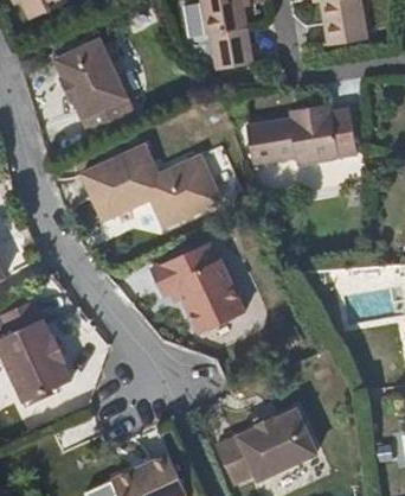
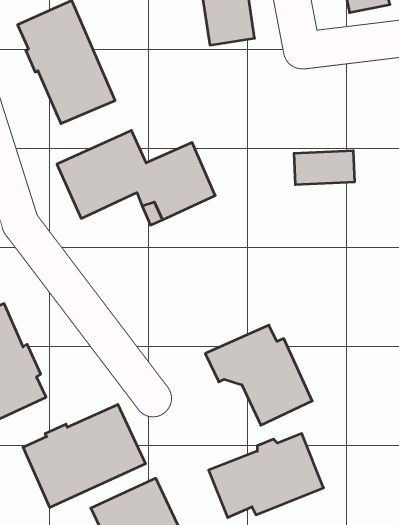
building: [246,107,354,150] -> none
building: [149,246,243,333] -> [205,325,312,425]
building: none -> [23,404,145,508]

